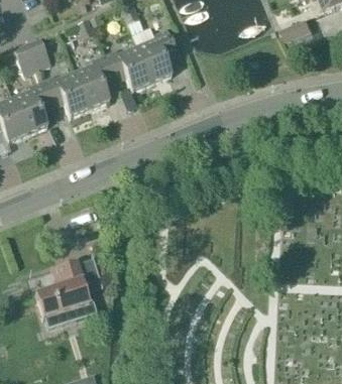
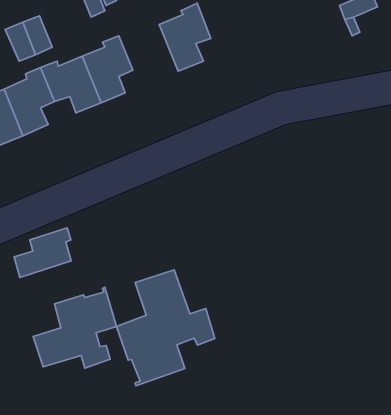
building: [104,45,151,91] -> none
building: none -> [14,228,71,277]
building: none -> [116,270,215,386]

